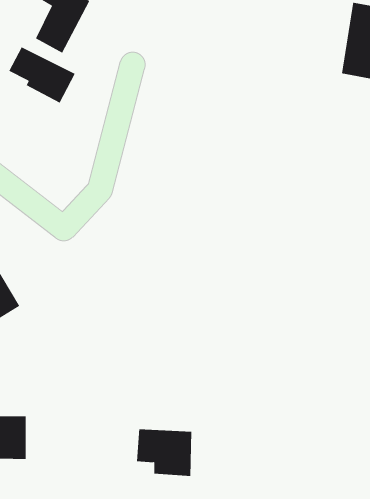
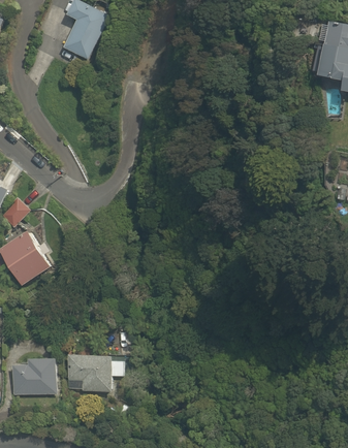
building: [9,46,76,103] -> none
building: [136,429,192,476] -> [65,352,112,391]

